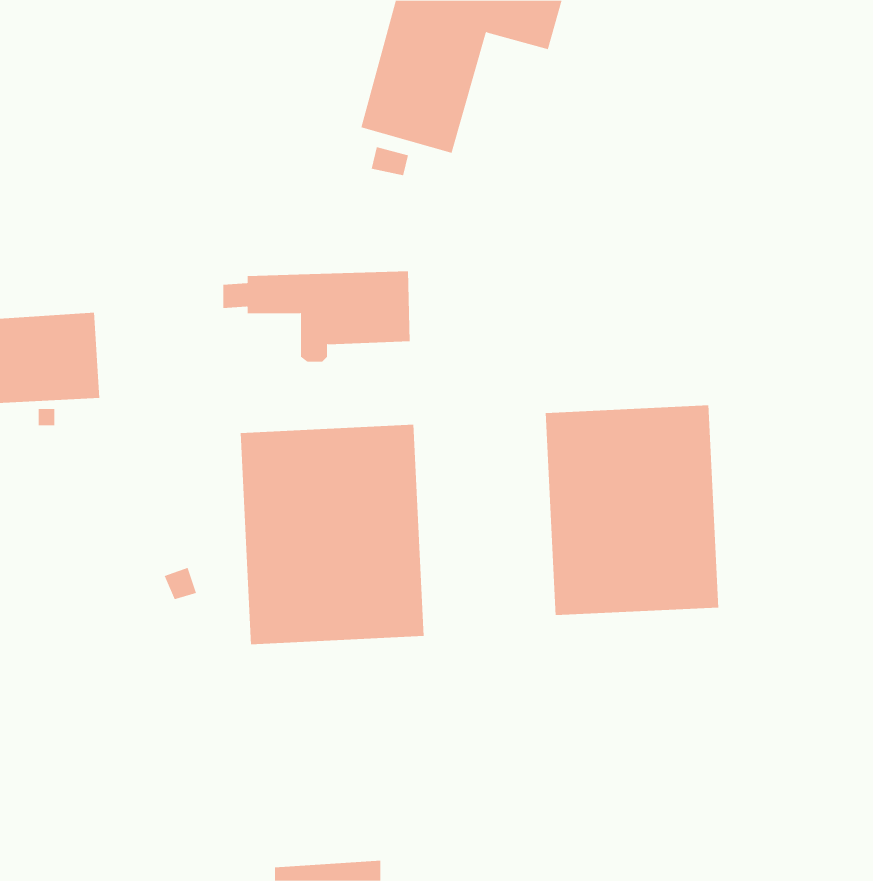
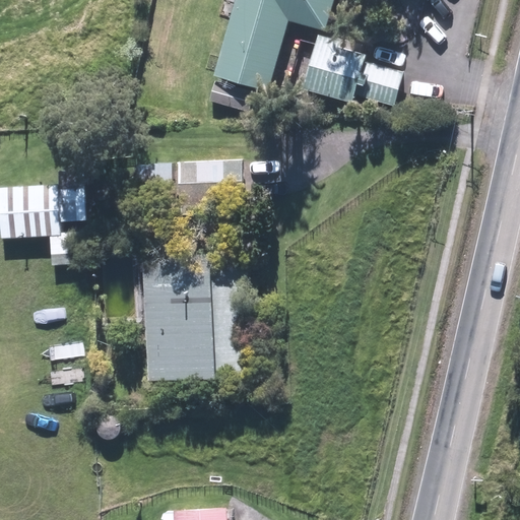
building: none -> [301,35,400,107]
building: [545,405,719,616] -> none

